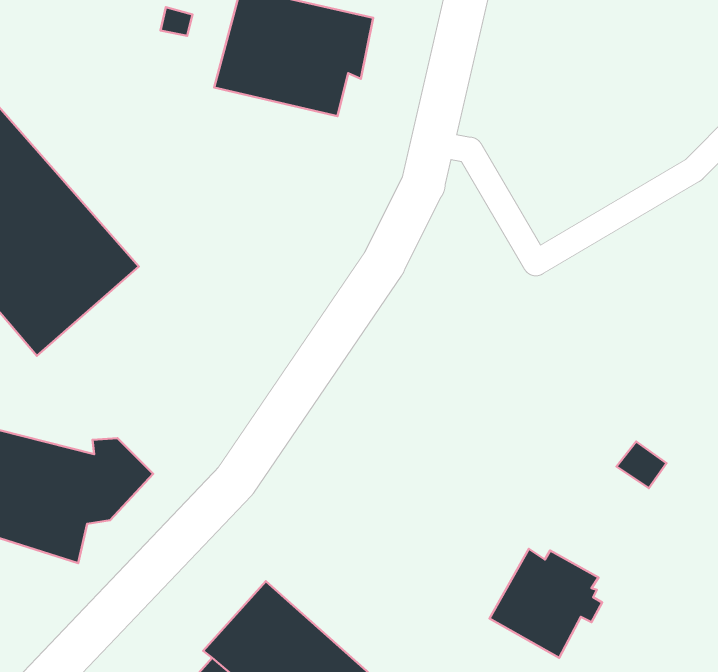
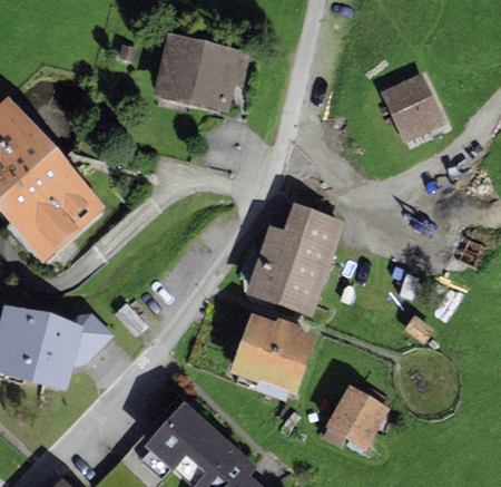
building: none -> [380,72,446,144]
building: none -> [244,203,346,316]
building: none -> [227,311,318,400]

